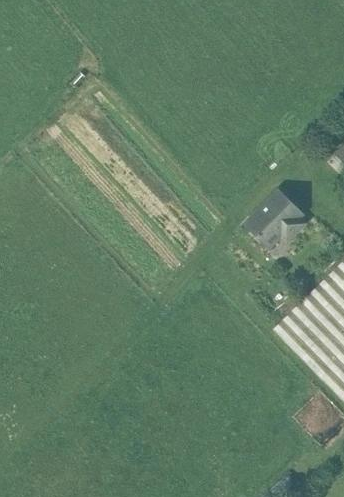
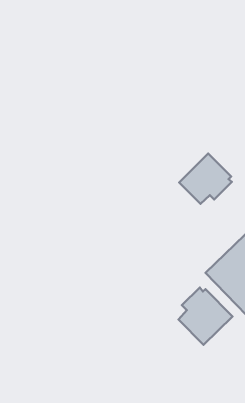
building: none -> [178,288,232,345]

